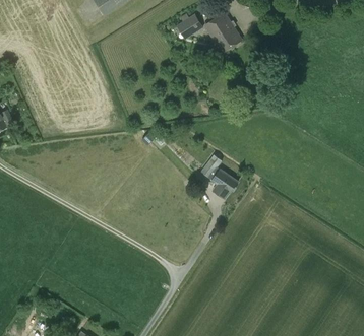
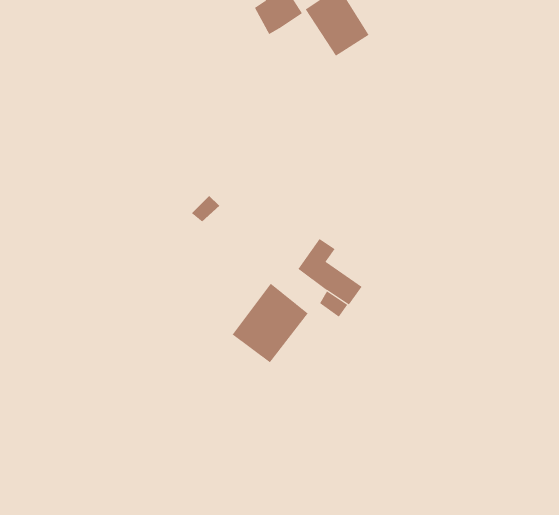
building: none -> [232,283,308,363]

